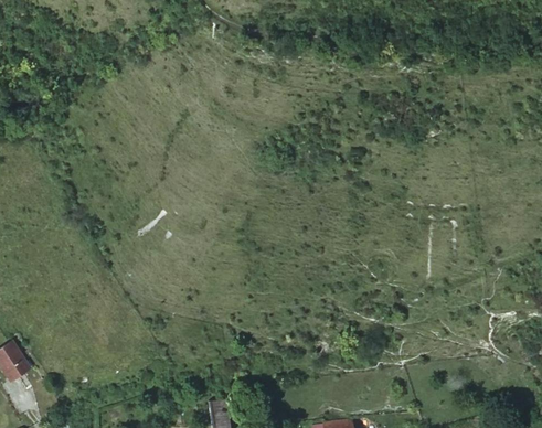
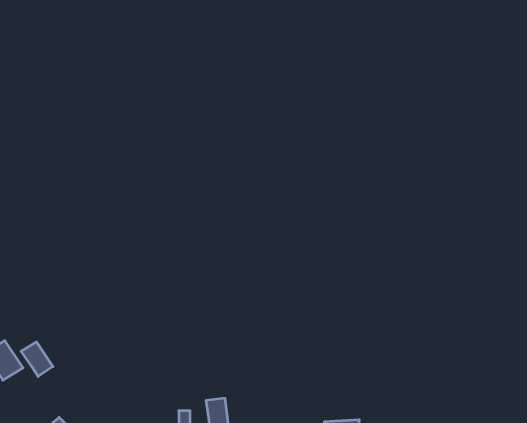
building: none -> [21,342,53,377]

